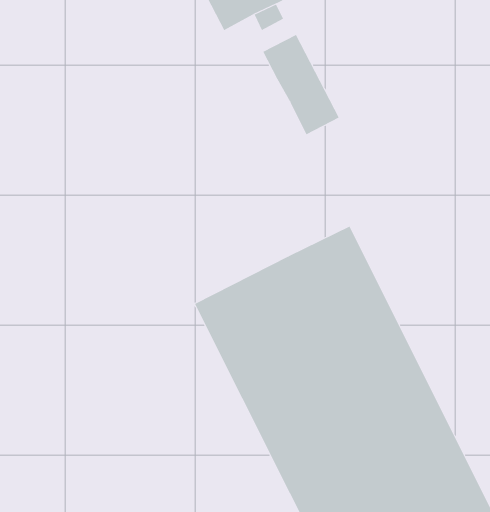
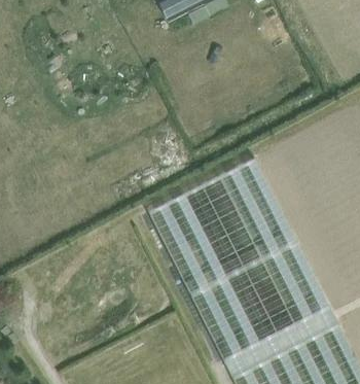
building: [263,34,339,135] -> none

